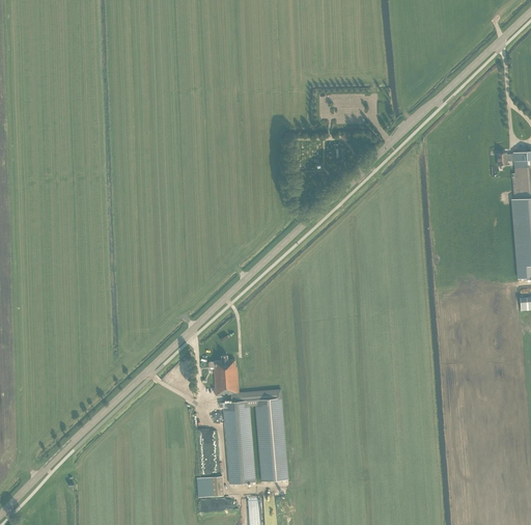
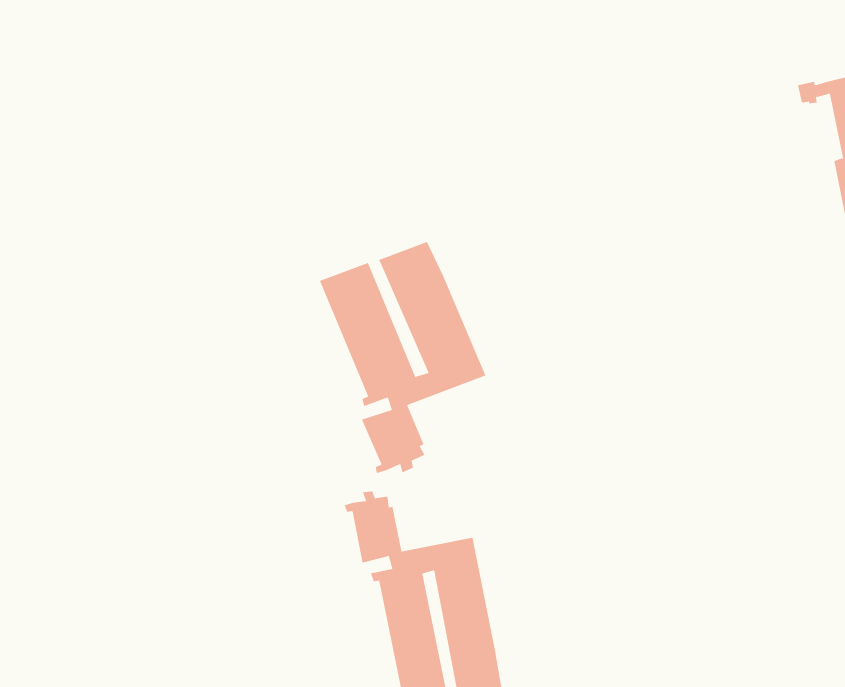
building: none -> [319,241,486,474]

